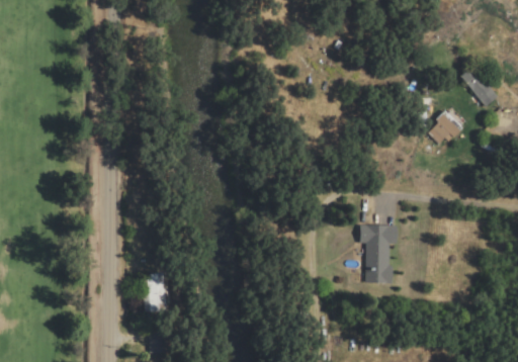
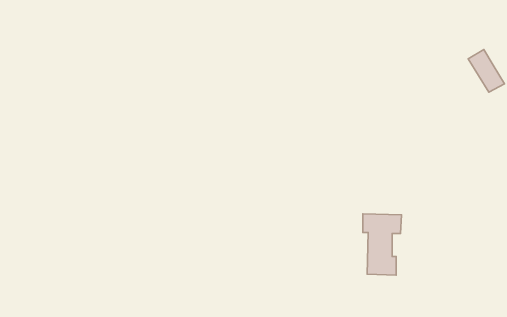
building: [428,110,460,146] -> none
building: [147,273,168,311] -> none

